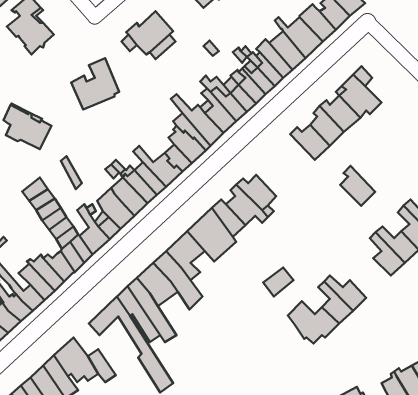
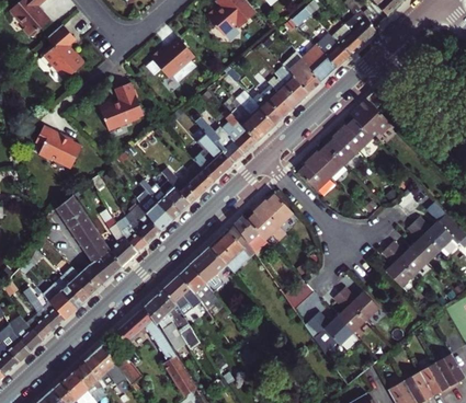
building: [340,166,375,206] -> [296,154,329,192]

